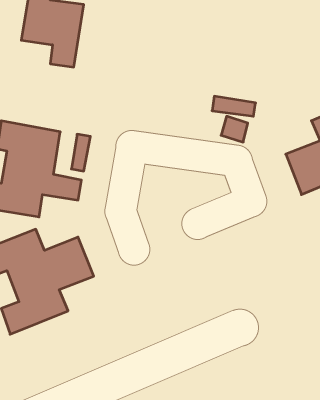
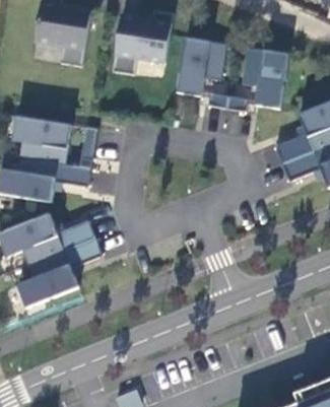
building: none -> [113,8,174,74]
building: none -> [177,36,226,95]
building: none -> [243,47,288,108]

